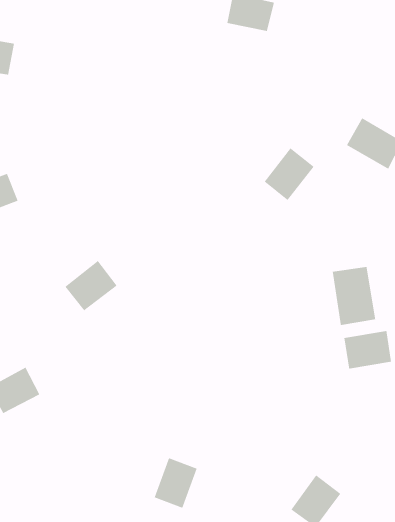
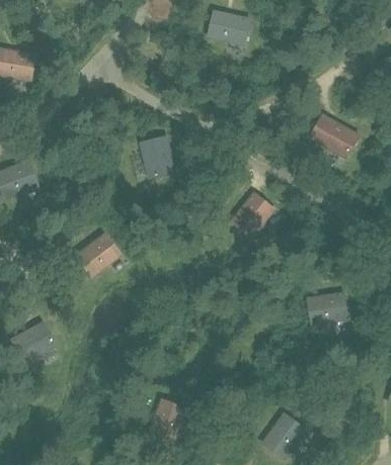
building: none -> [141,136,174,178]
building: [264,148,315,201] -> [232,193,275,238]
building: [332,266,376,326] -> none

